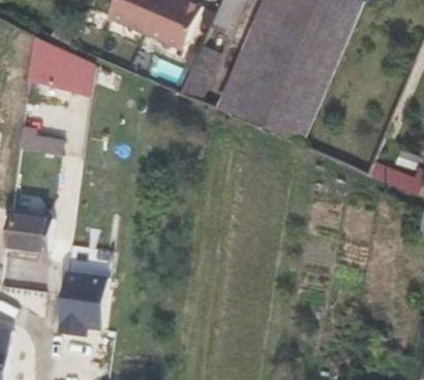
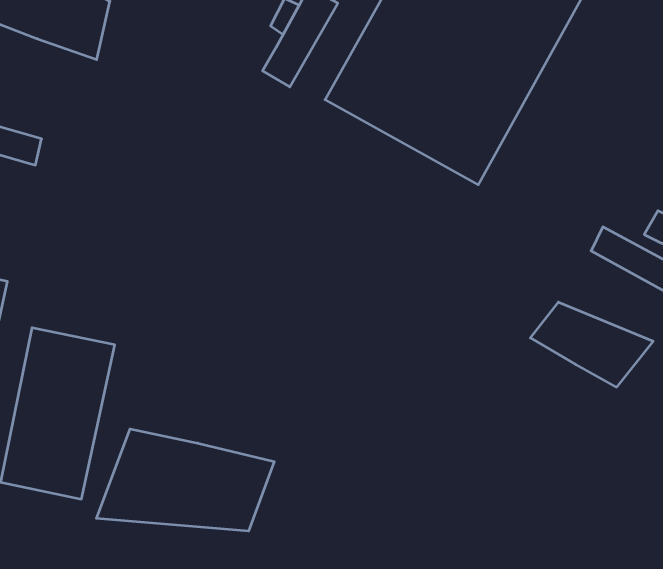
building: none -> [530,302,653,387]
building: none -> [96,429,274,531]

